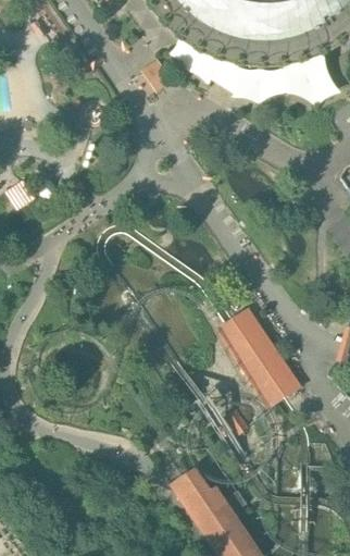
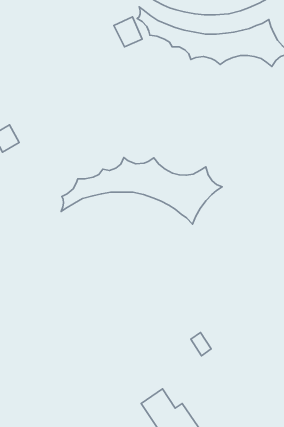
building: none -> [61,157,222,224]
building: [220,305,303,404] -> none

